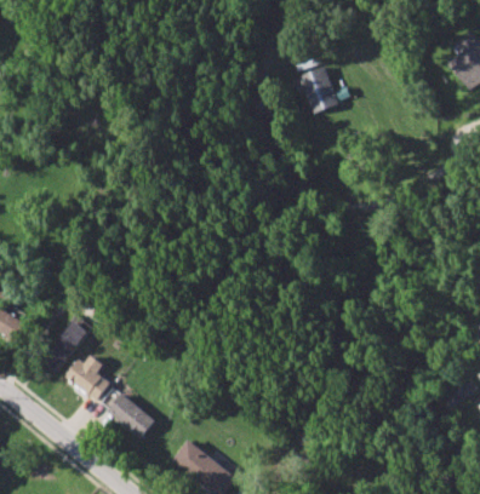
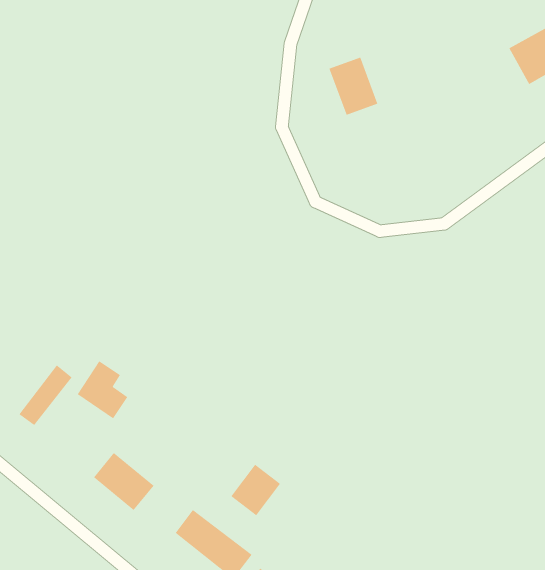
building: [67,351,109,400] -> [77,361,128,419]
building: none -> [230,464,281,516]

